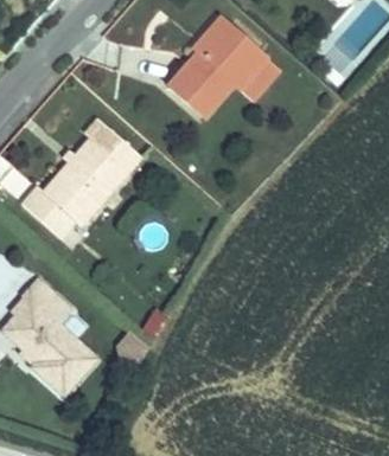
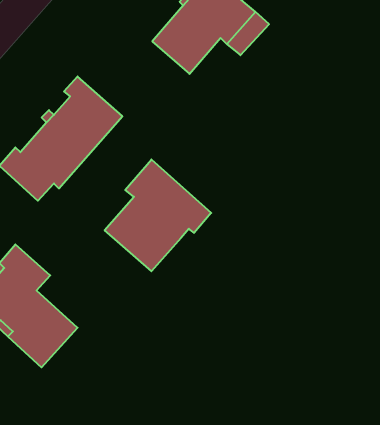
building: none -> [105,159,211,271]

